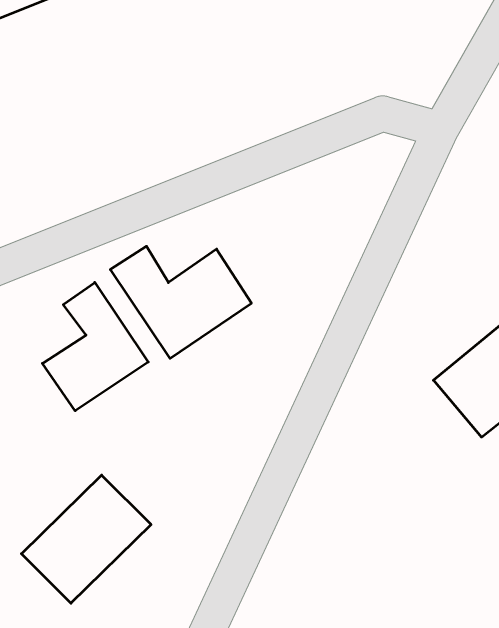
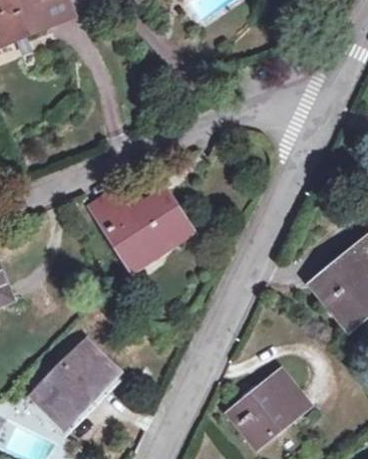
building: [42,282,148,411] -> none
building: none -> [229,371,311,448]

